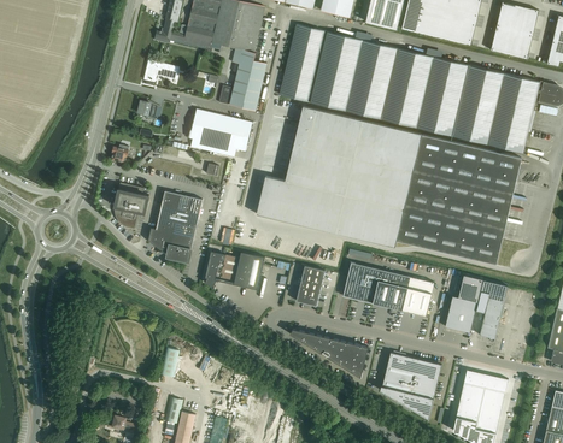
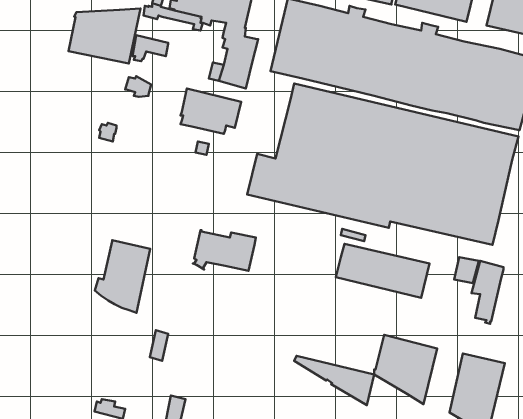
building: none -> [68,8,140,63]
building: [112,182,148,229] -> none
building: [147,190,201,261] -> [95,240,150,313]
building: [295,265,324,305] -> none
building: [445,296,476,332] -> none
building: [289,329,368,377] -> [294,356,374,405]

